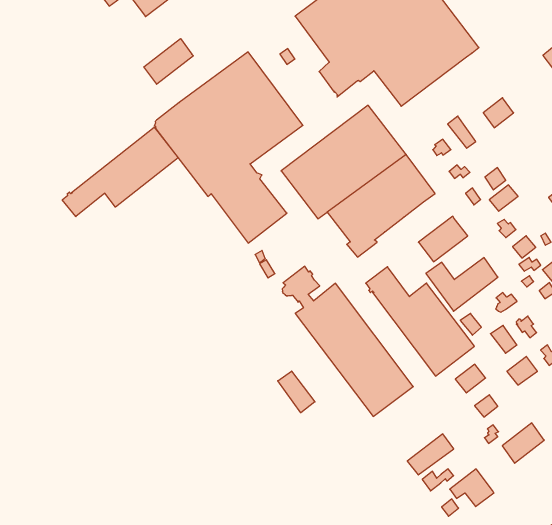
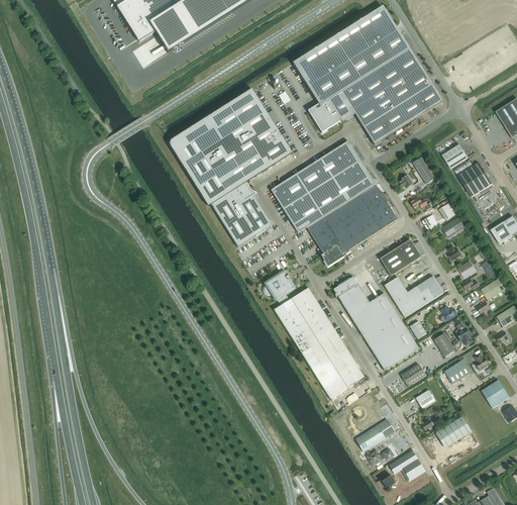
building: [144,39,193,84] -> none
building: none -> [457,162,493,196]
building: [62,127,178,217] -> none
building: [278,371,315,413] -> none

